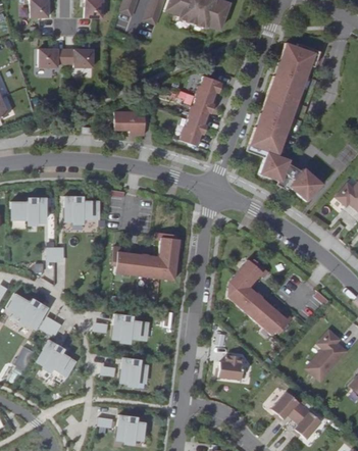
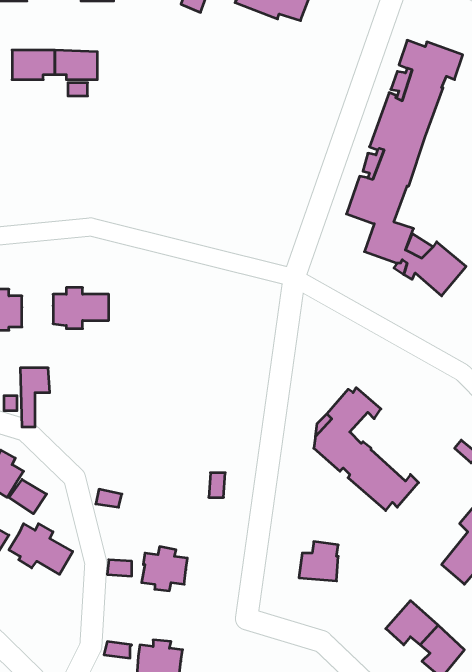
building: [181,74,223,145] -> none
building: [115,110,146,135] -> none
building: [112,232,181,280] -> none
building: [112,314,149,341] -> none

